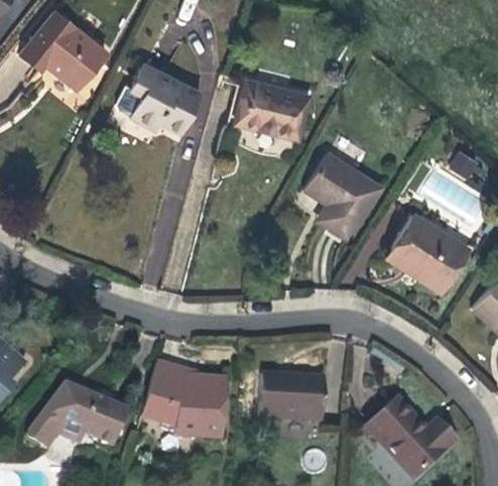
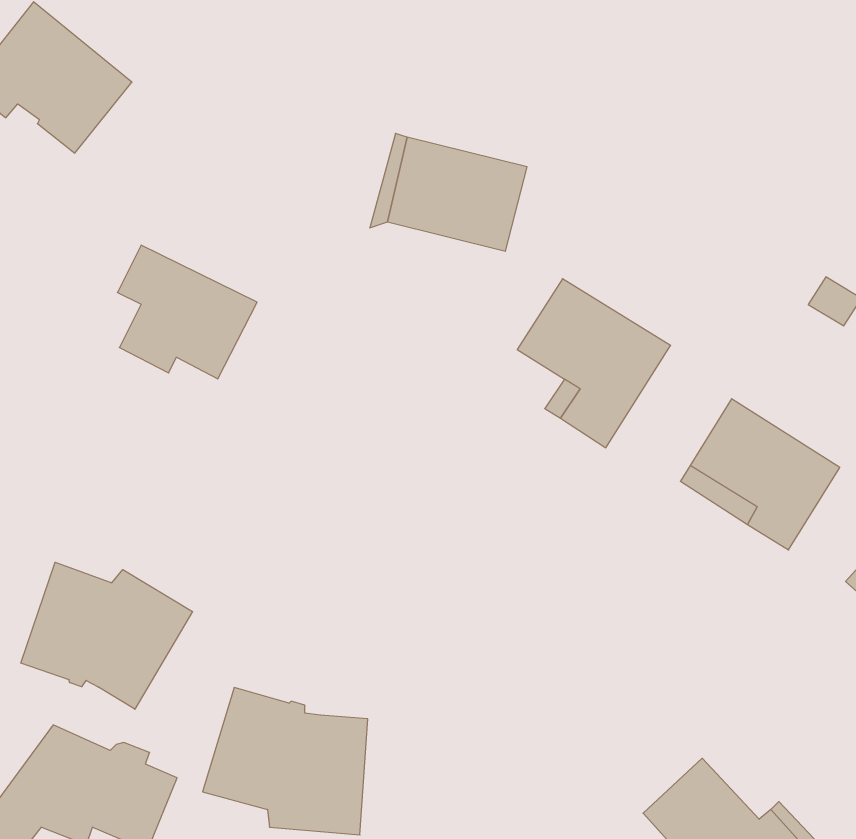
building: [130,64,202,132] -> [117,245,257,379]
building: none -> [21,562,193,709]
building: [260,372,326,420] -> none

